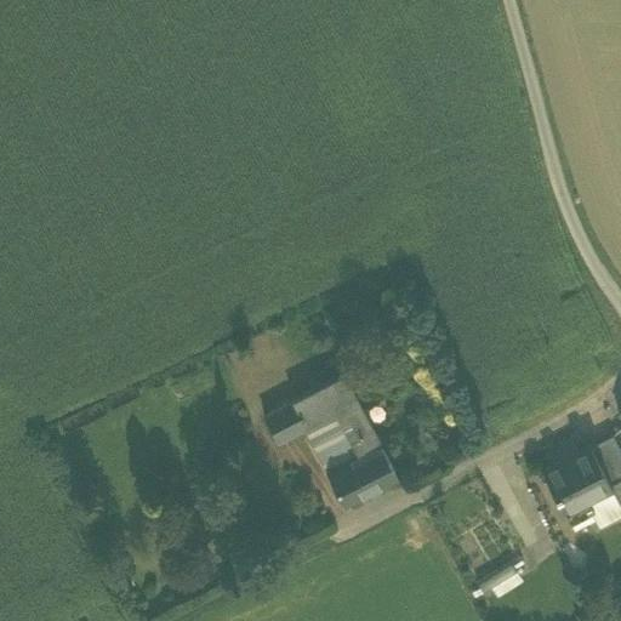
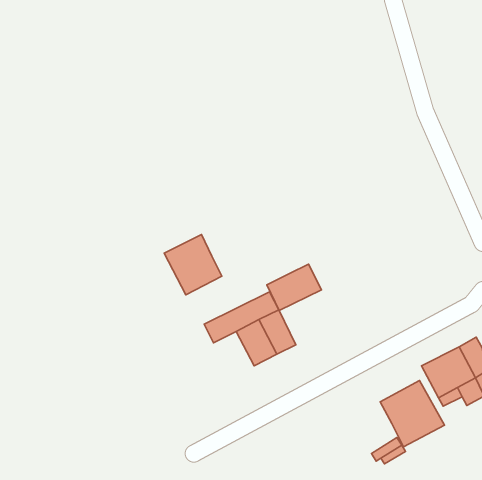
building: none -> [164,235,222,295]
building: [327,446,398,506] -> [267,264,322,310]
building: none -> [380,380,444,447]

